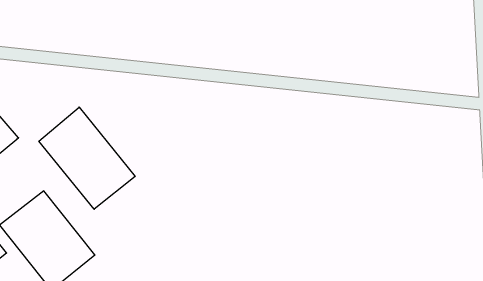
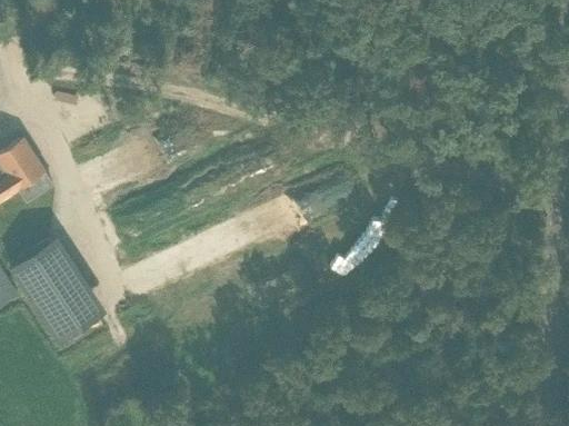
building: [39,107,135,209] -> none

